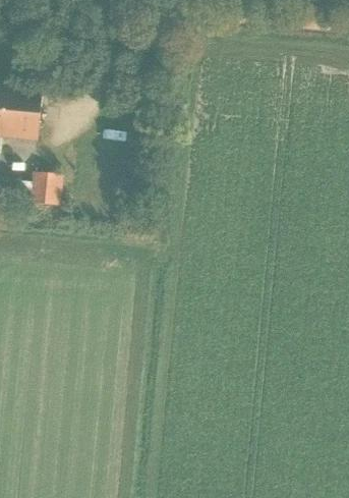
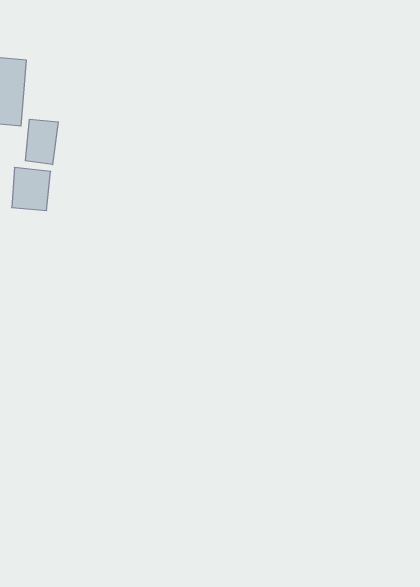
building: none -> [25,119,58,165]

